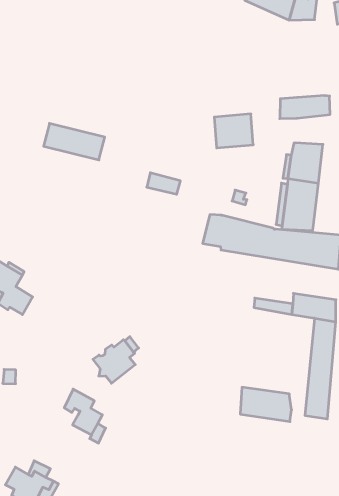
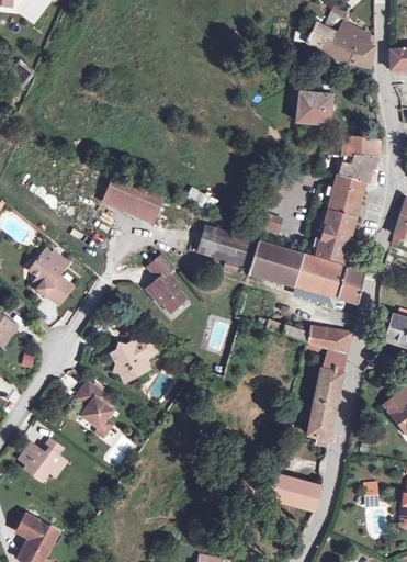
building: [214,114,253,148] -> [302,93,339,125]
building: none -> [335,156,372,184]
building: [44,123,105,160] -> [102,178,161,220]
building: none -> [194,225,244,261]
building: none -> [152,256,189,311]
building: [240,387,292,422] -> [273,471,323,510]

